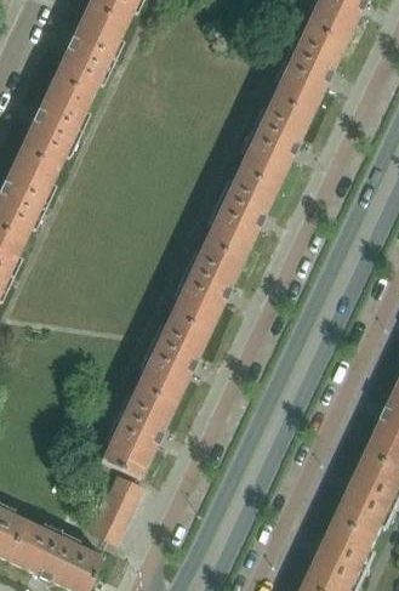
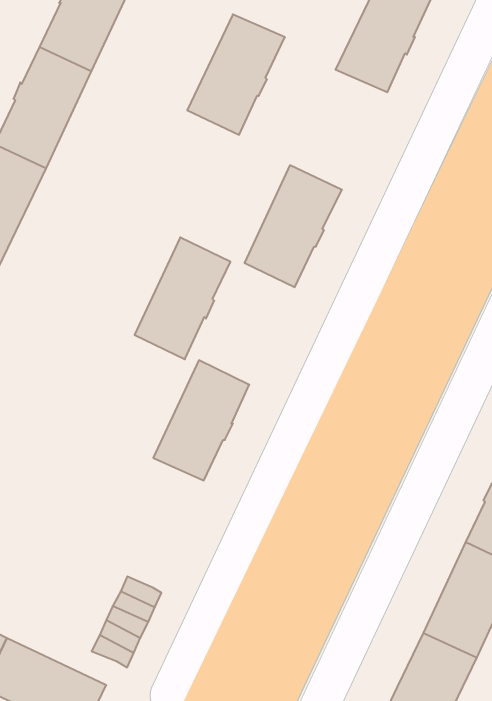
building: [238,97,310,187] -> [187,14,285,135]
building: [170,241,241,333] -> [135,237,230,359]
building: [102,387,173,477] -> none

